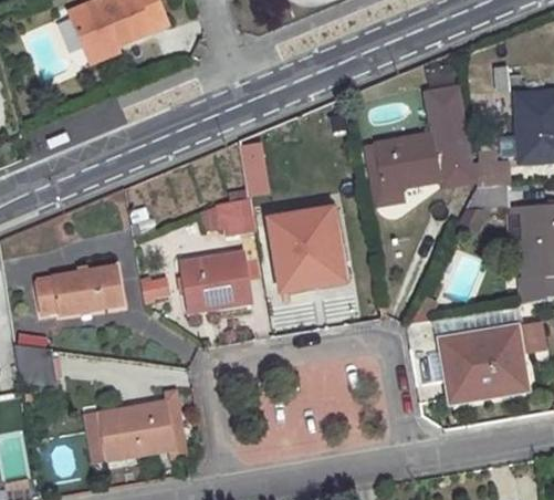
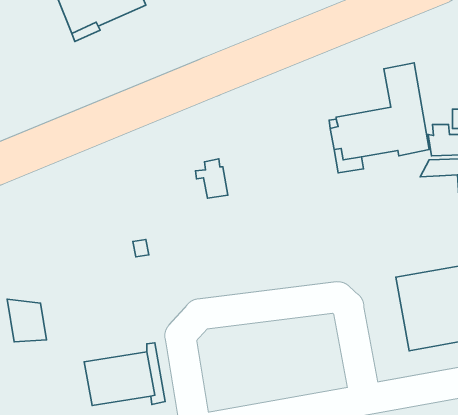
building: [270,211,341,289] -> none
building: [180,250,262,312] -> none
building: [36,267,122,313] -> none

